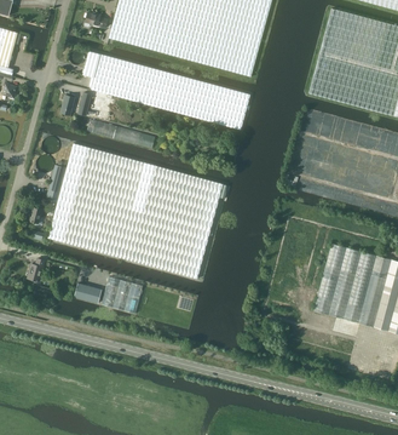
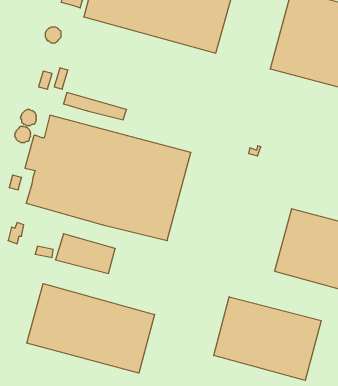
building: [82,51,250,130] -> none
building: none -> [27,284,155,373]
building: none -> [214,297,321,380]

